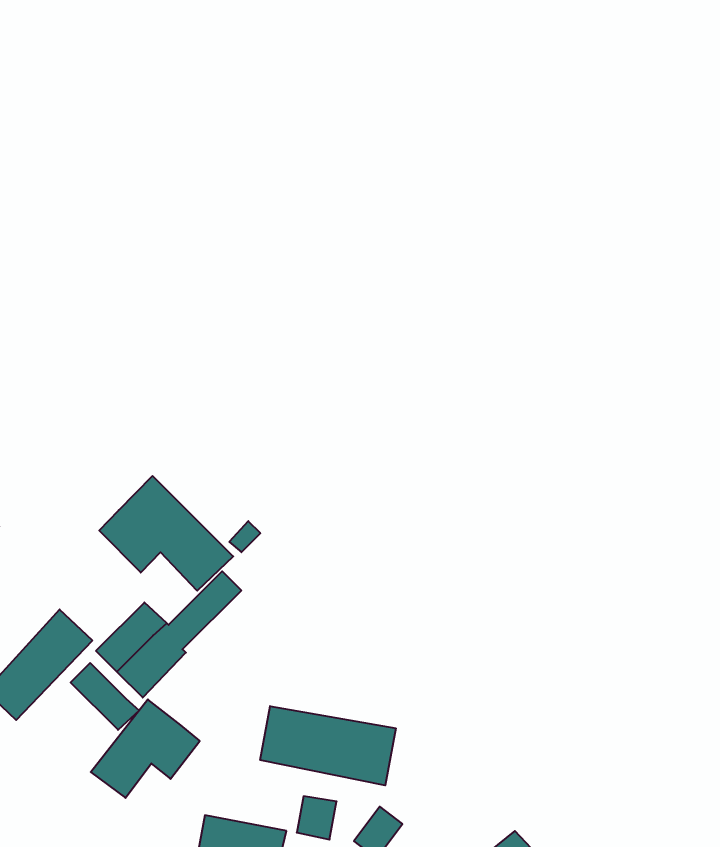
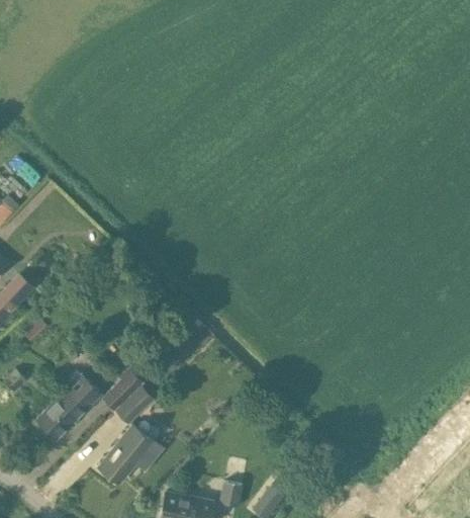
building: [99,476,233,591] -> none
building: [71,663,139,730] -> none
building: [260,706,396,785] -> none

